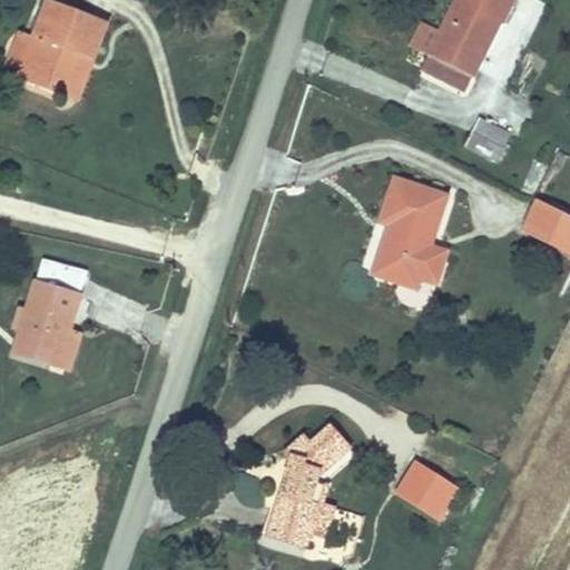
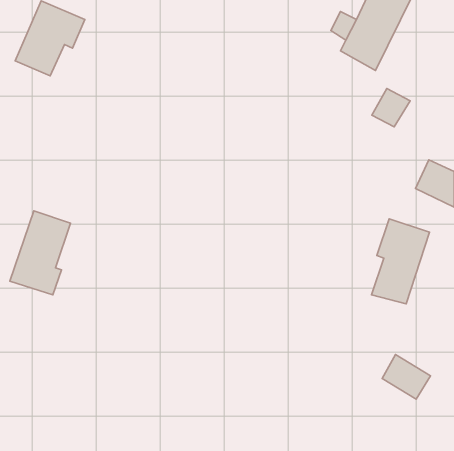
building: [375,179,448,285] -> [371,219,429,304]
building: [269,424,345,548] -> none
building: [395,463,455,519] -> [382,354,430,399]

